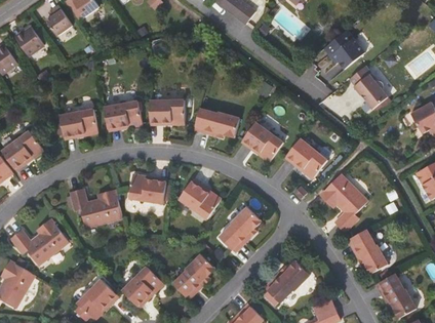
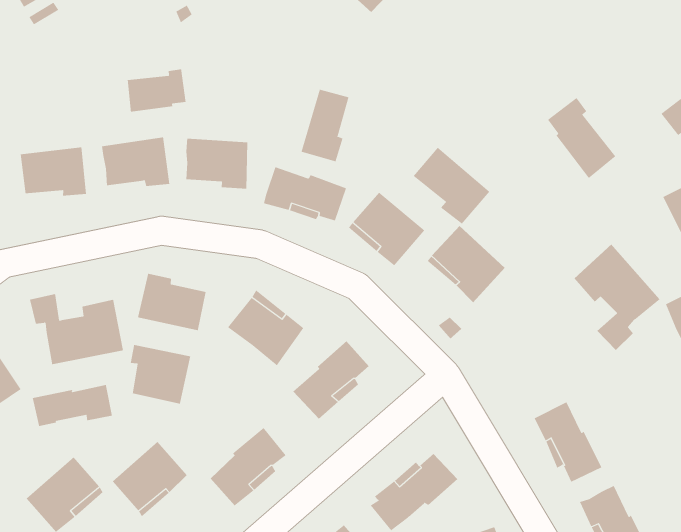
building: [320,27,361,67] -> none
building: none -> [127,68,186,112]
building: none -> [301,89,349,162]
building: none -> [413,147,490,225]
building: [320,173,368,232] -> [573,243,661,351]
building: none -> [130,344,191,405]
building: none -> [32,384,112,427]

